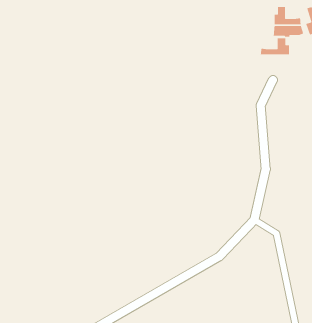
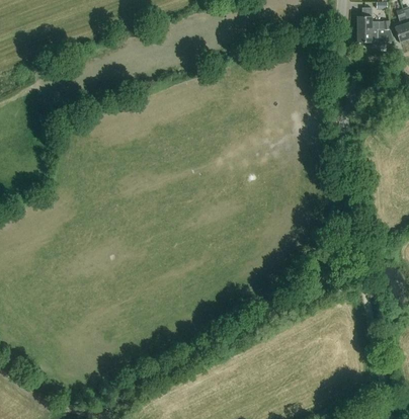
building: [260,37,290,55] -> none

